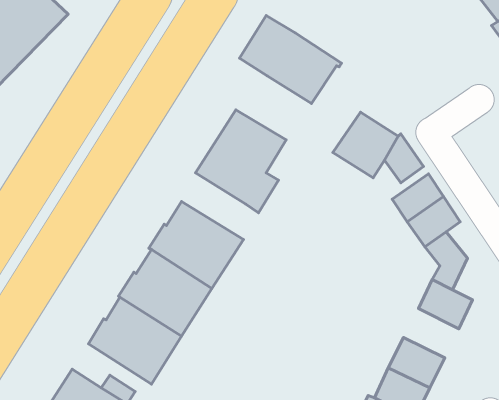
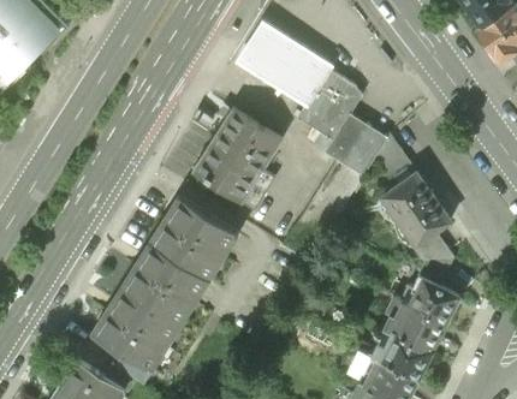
building: none -> [297,69,362,139]
building: none -> [392,300,445,347]

